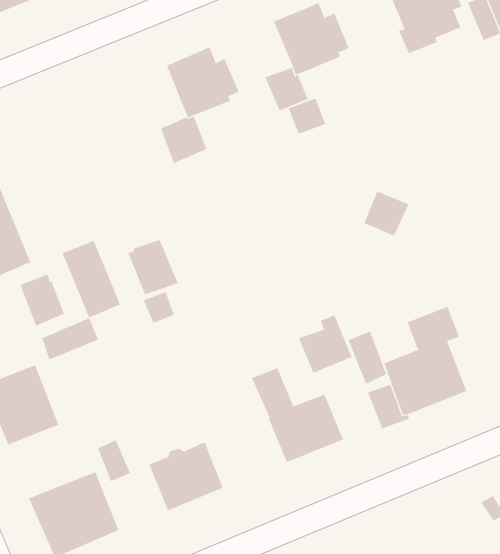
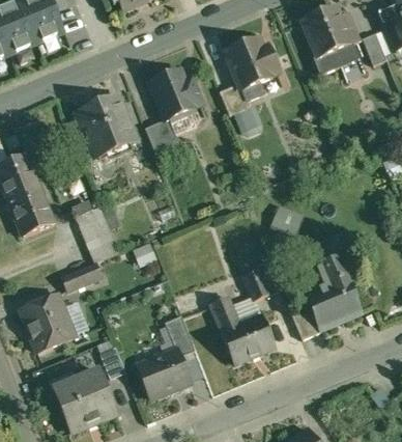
building: none -> [73,93,134,155]
building: [364,191,409,236] -> [269,203,302,236]
building: [127,239,178,295] -> none
building: [20,274,64,327] -> none
building: [348,331,387,384] -> none
building: none -> [165,314,195,355]

